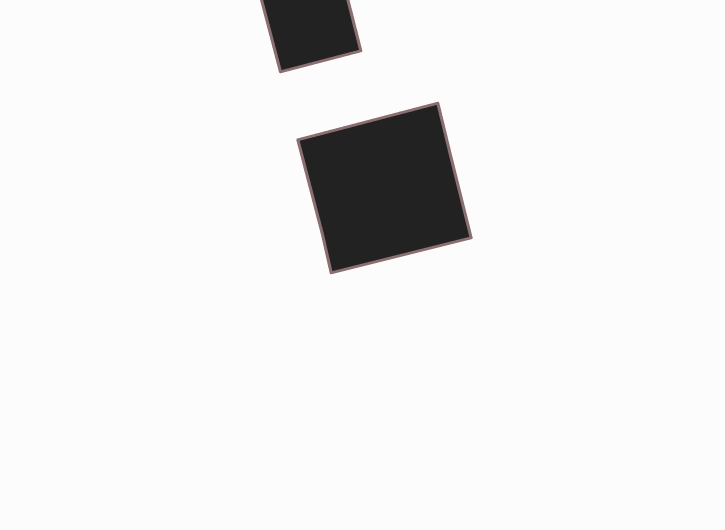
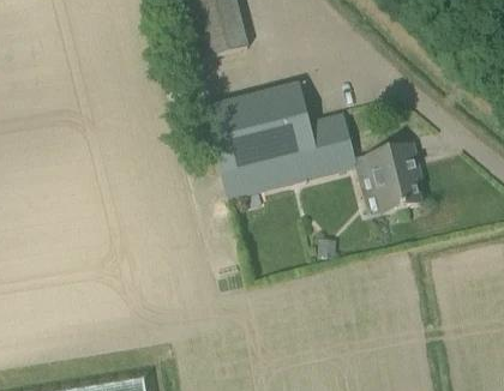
building: none -> [311,114,356,175]
building: none -> [370,144,421,212]

